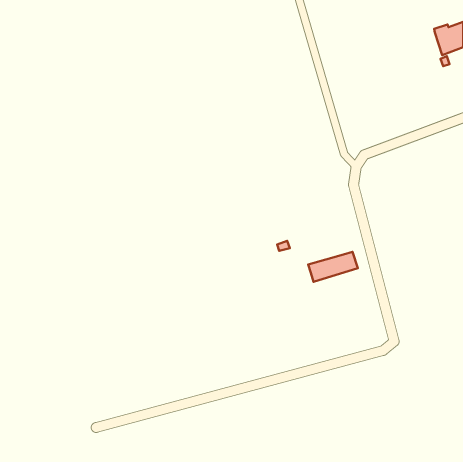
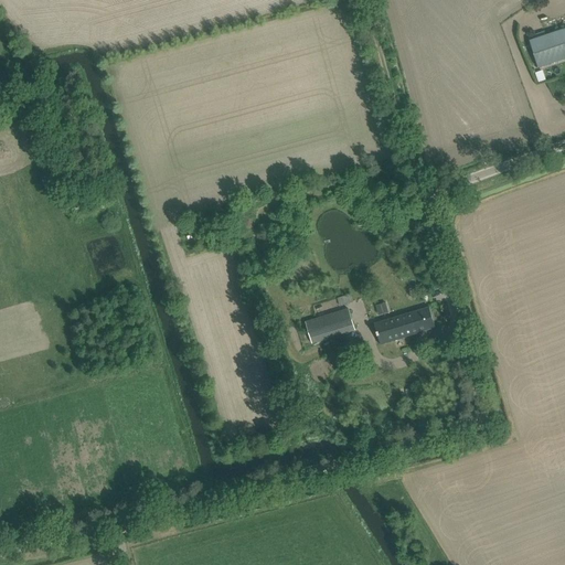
building: none -> [306,308,355,343]

